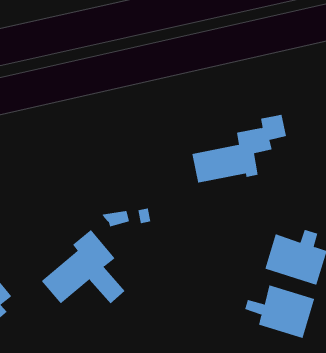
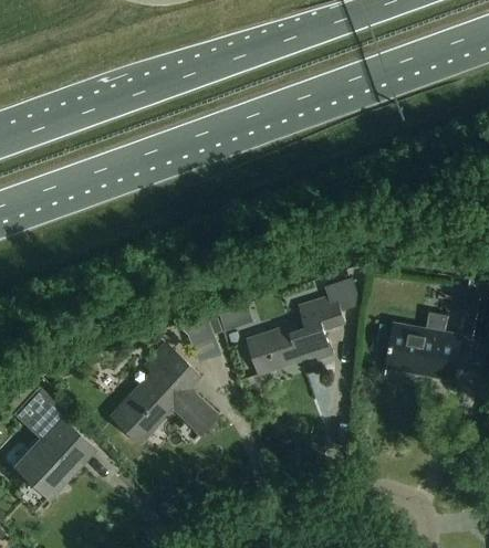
building: [191,114,287,183] -> [246,276,361,375]
building: [245,285,315,339] -> none

